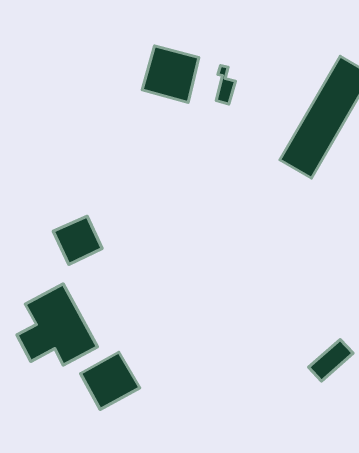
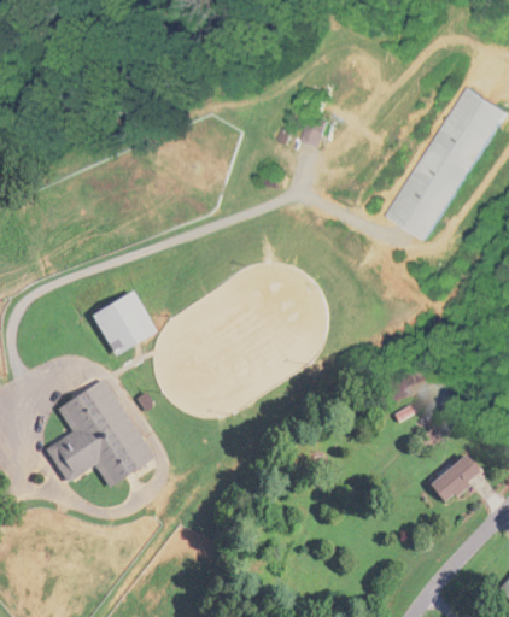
building: [142,46,199,103] -> none
building: [81,352,140,409] -> none

